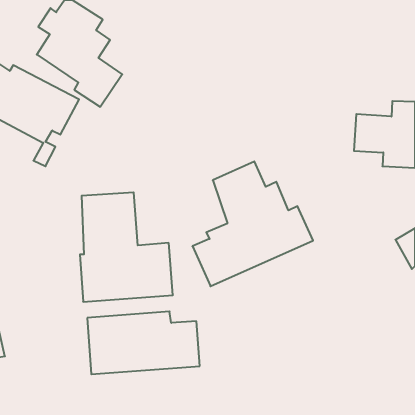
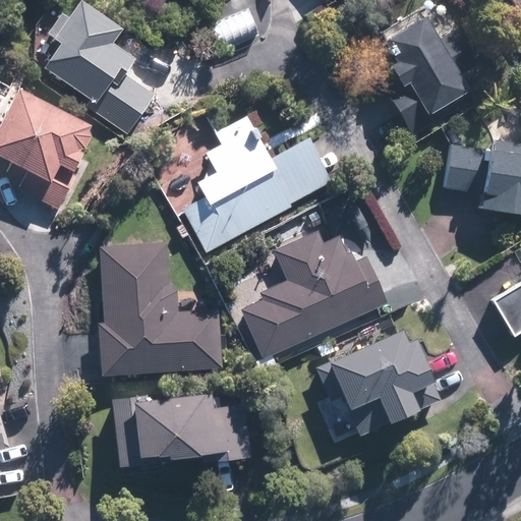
building: none -> [378,15,481,128]
building: none -> [181,113,333,253]
building: none -> [316,327,440,438]

